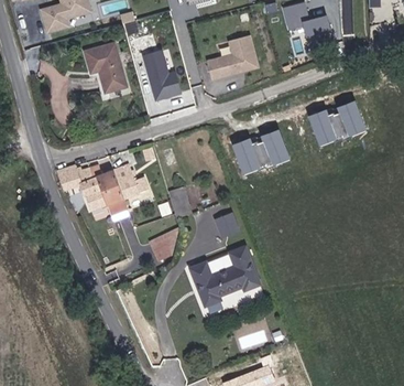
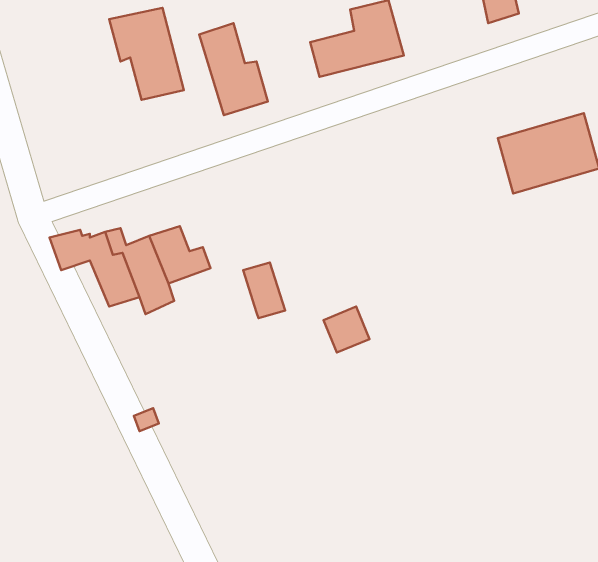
building: [238,129,295,174] -> none
building: [148,227,177,261] -> none
building: [188,245,266,308] -> none

